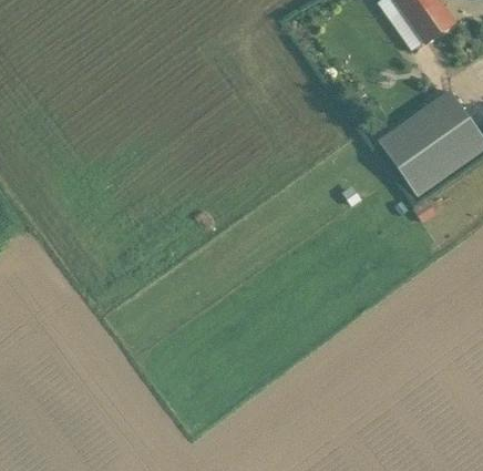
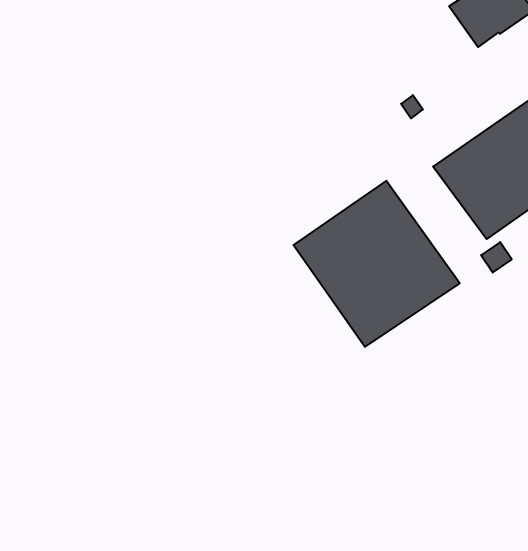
building: none -> [293,181,460,347]

